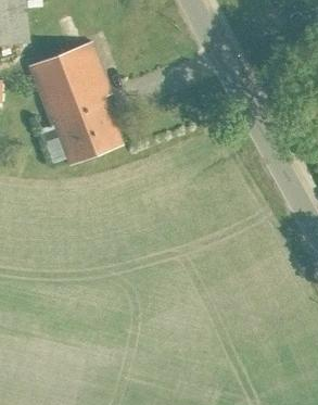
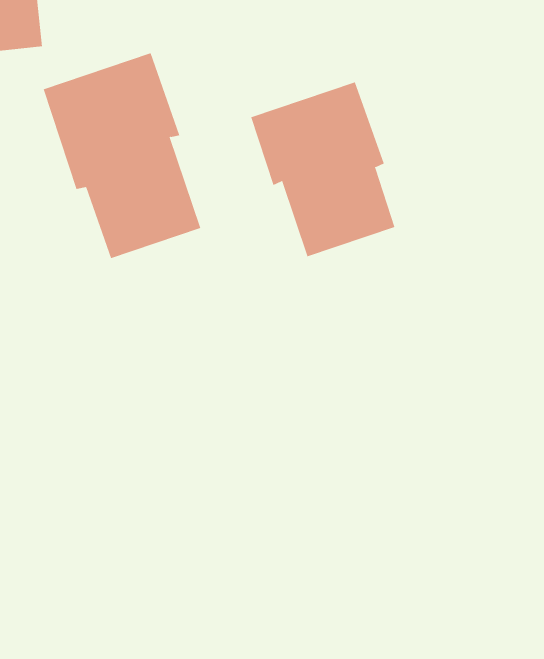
building: none -> [251,81,395,257]

